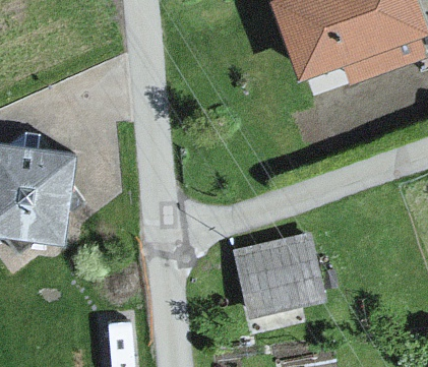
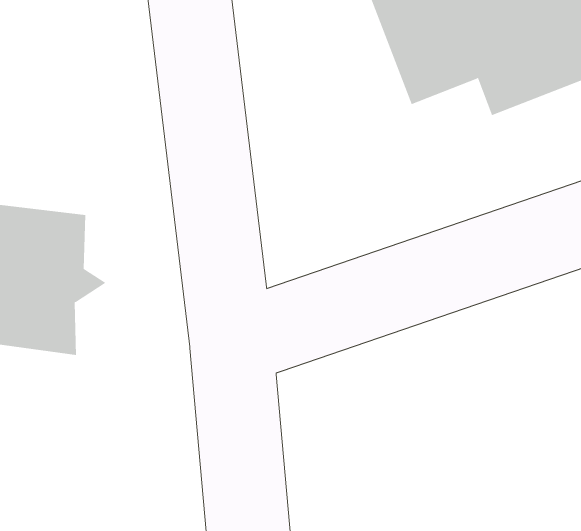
building: [231,235,321,315] -> none

